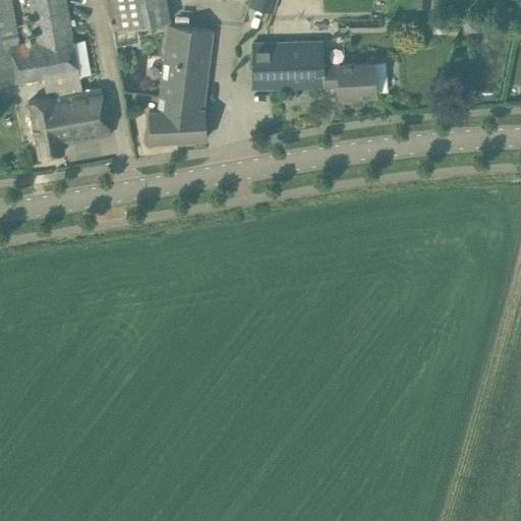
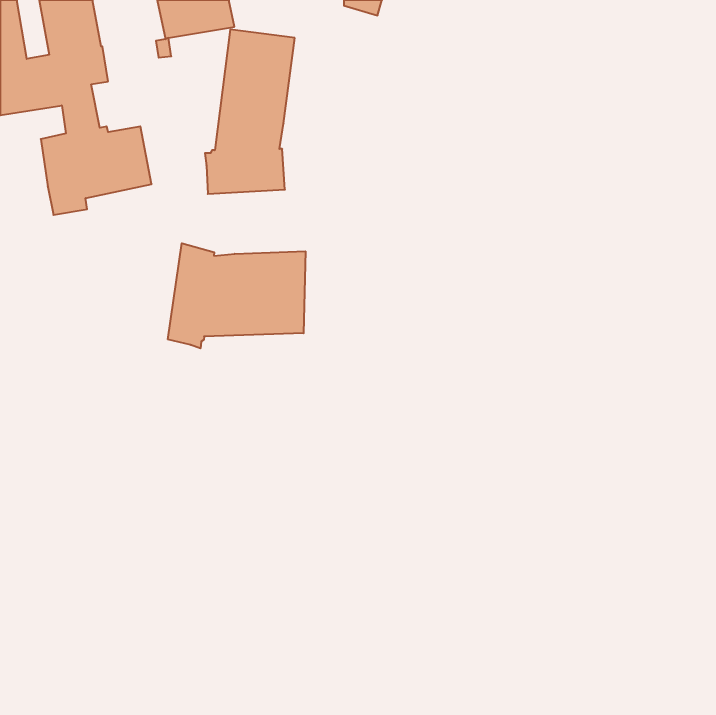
building: [251,40,375,97] -> none
building: none -> [168,243,305,348]

